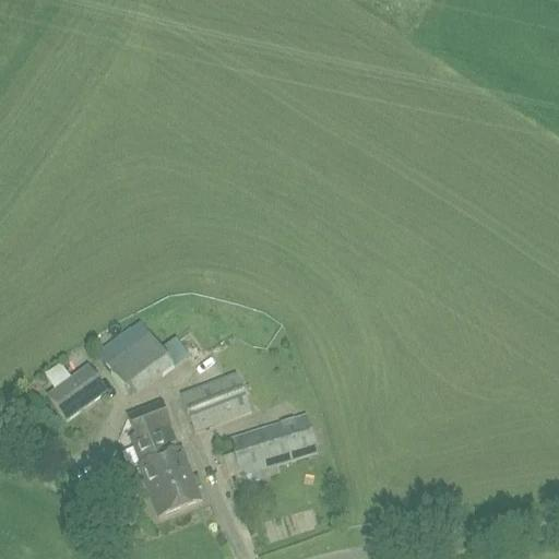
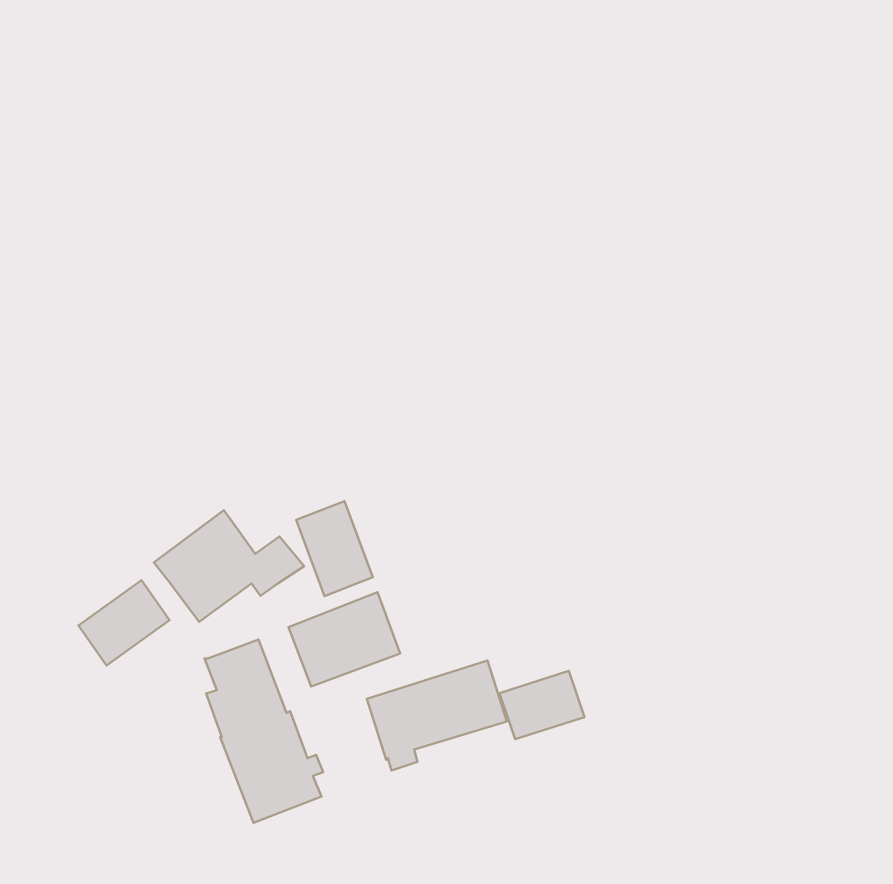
building: none -> [296,501,373,596]
building: none -> [500,671,584,739]

